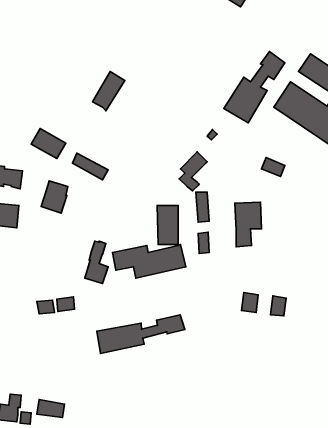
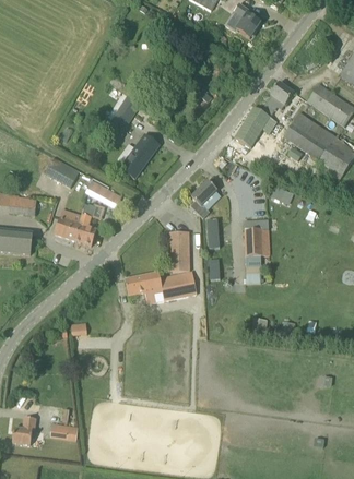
building: none -> [119,133,157,178]
building: [85,241,108,284] -> [73,204,96,246]
building: [97,315,185,353] -> none

